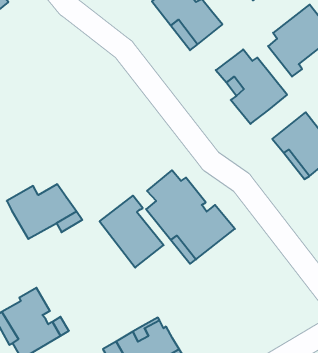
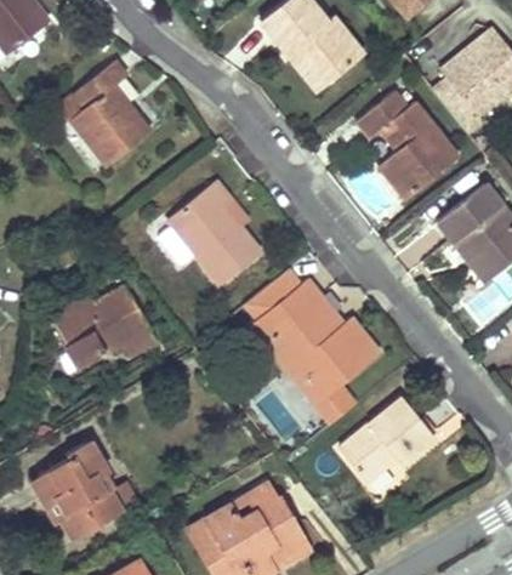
building: none -> [52,59,153,165]
building: [100,196,164,268] -> [167,181,261,286]
building: none -> [341,398,436,483]

